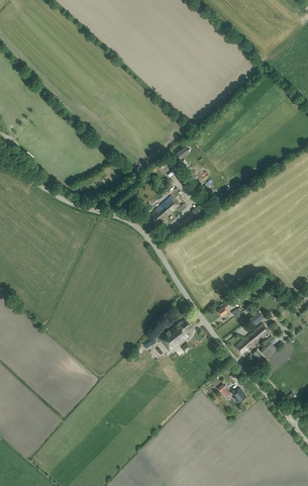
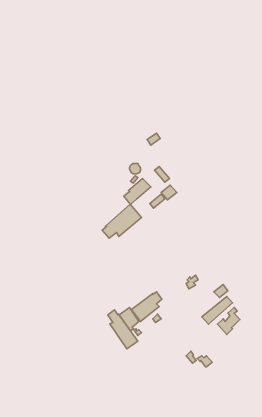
building: none -> [102,204,142,238]
building: none -> [108,310,138,349]

